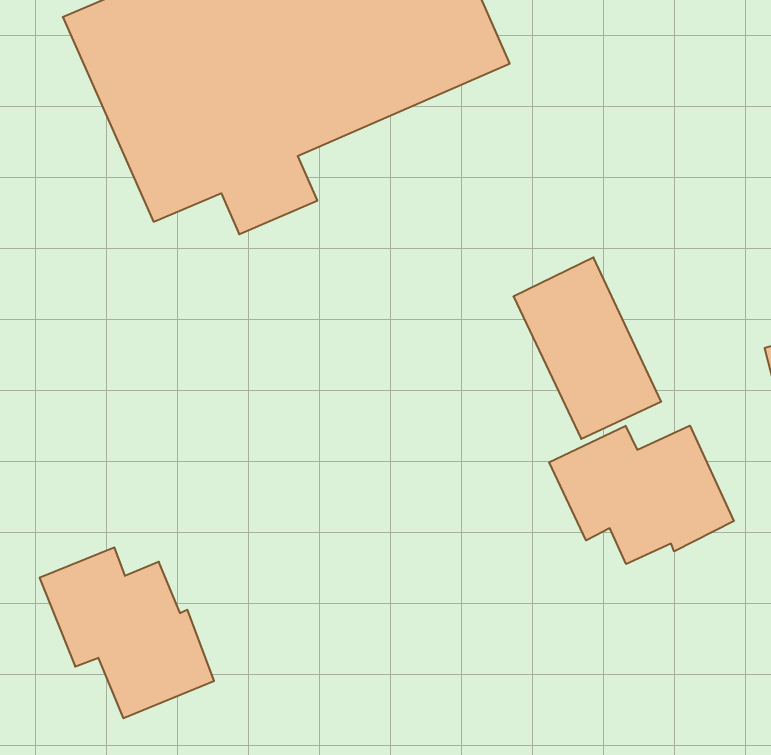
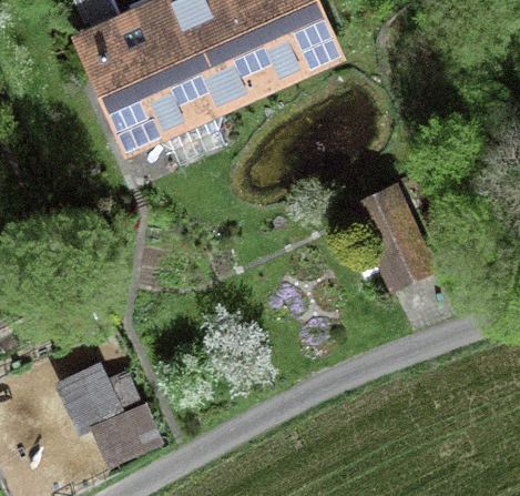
building: [549,426,734,564] -> none

